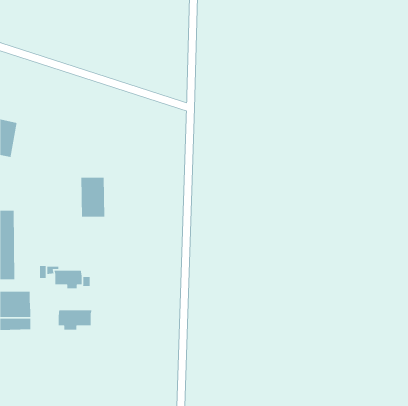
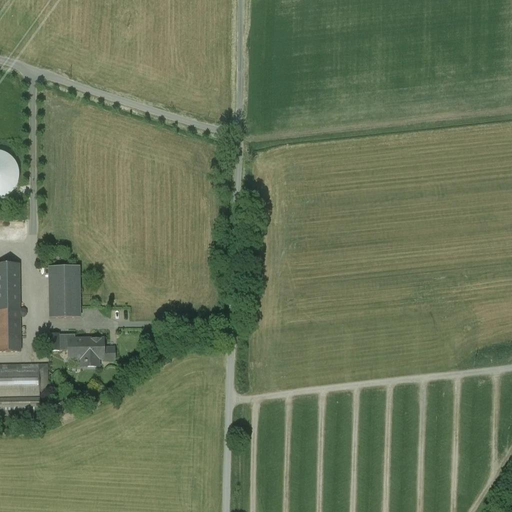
building: [80,177,105,218] -> [48,265,79,316]
building: [58,310,93,330] -> none

